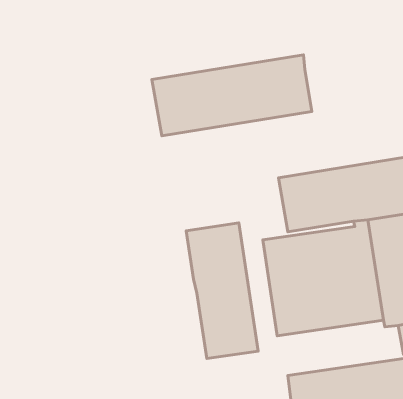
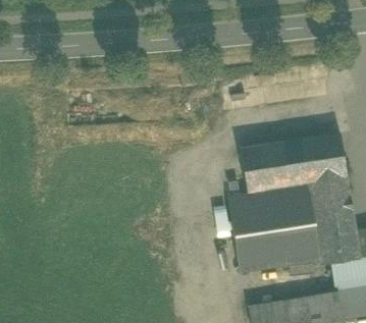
building: [152,55,312,136] -> none
building: [186,223,258,359] -> none

